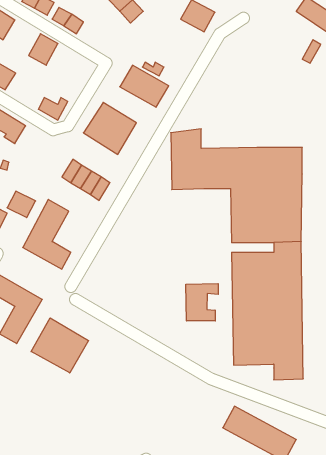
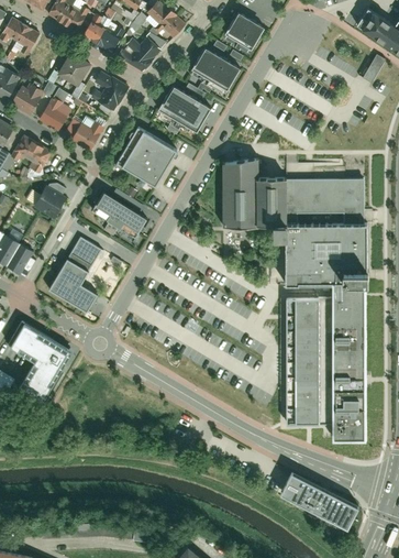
building: none -> [126,36,159,68]
building: none -> [193,47,242,90]
building: none -> [90,73,129,110]
building: none -> [40,97,68,129]
building: [7,191,36,218] -> [34,187,66,217]
building: [186,284,218,321] -> none
building: [31,318,89,373] -> none

